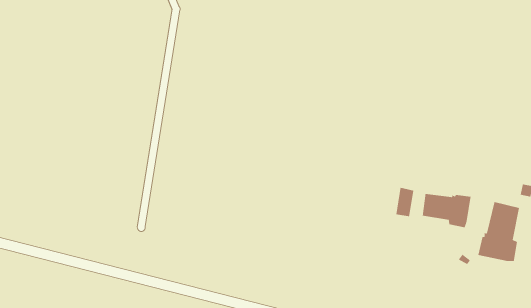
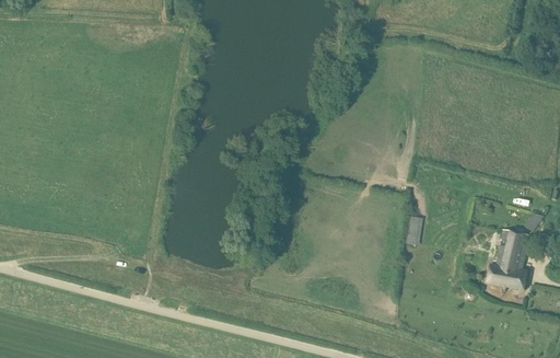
building: [422,193,471,228] -> none

